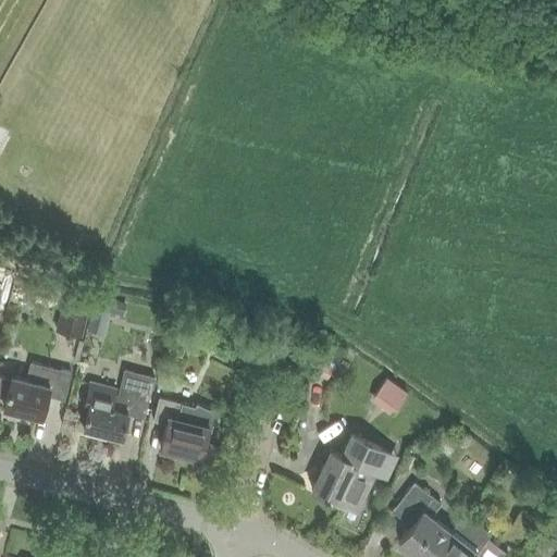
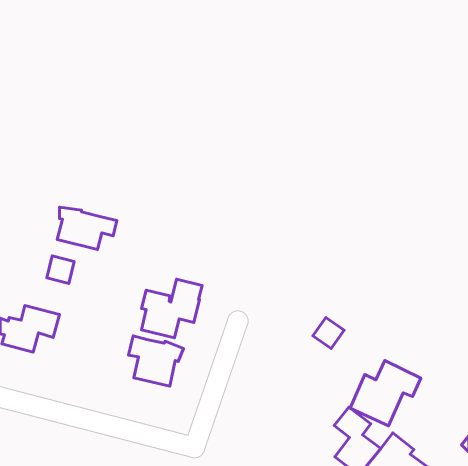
building: none -> [57,207,117,250]
building: [84,371,156,441] -> [142,279,202,338]
building: [312,437,396,515] -> [350,361,421,426]

